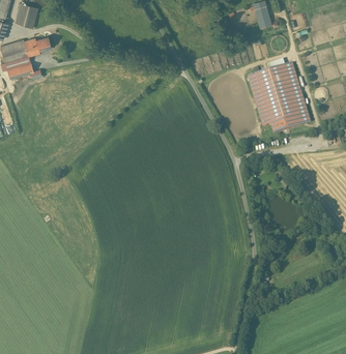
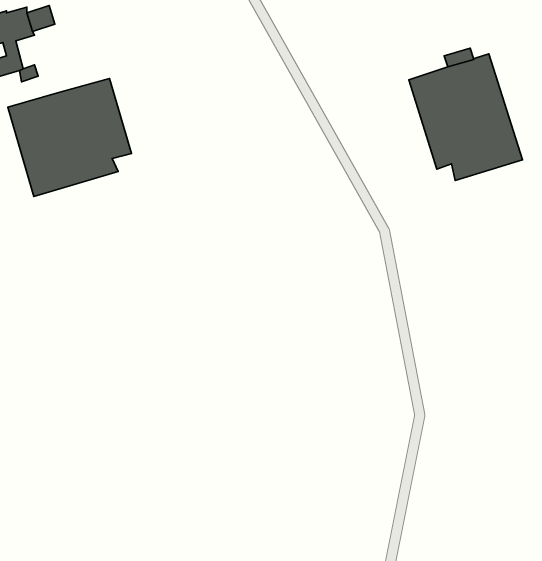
building: none -> [8,78,132,197]

